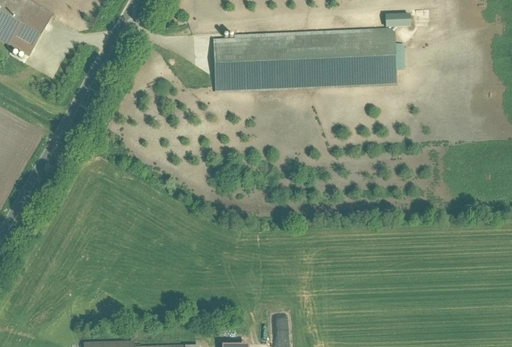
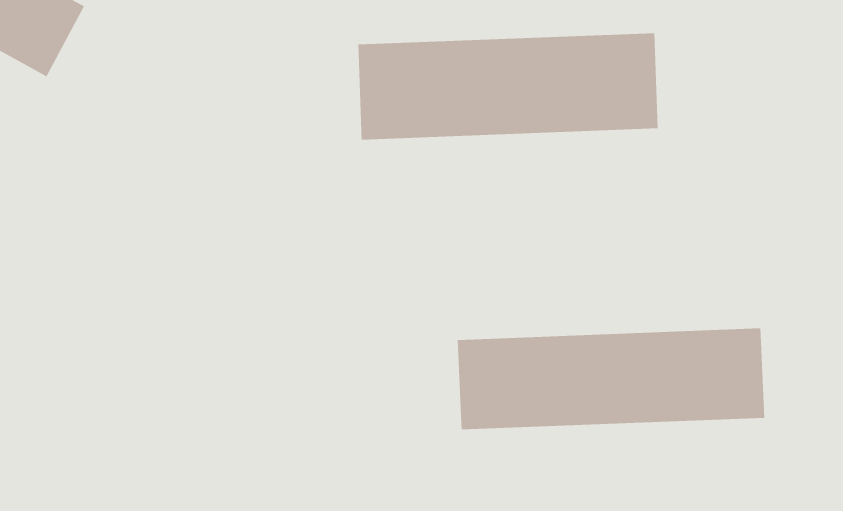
building: none -> [457,328,765,430]

